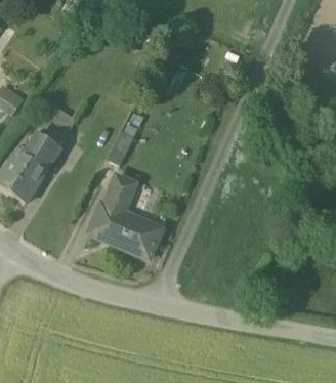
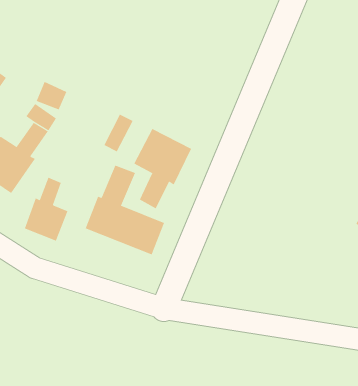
building: none -> [133,128,192,209]
building: none -> [24,177,68,242]

